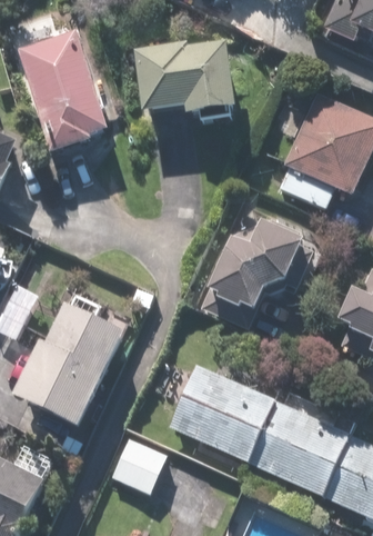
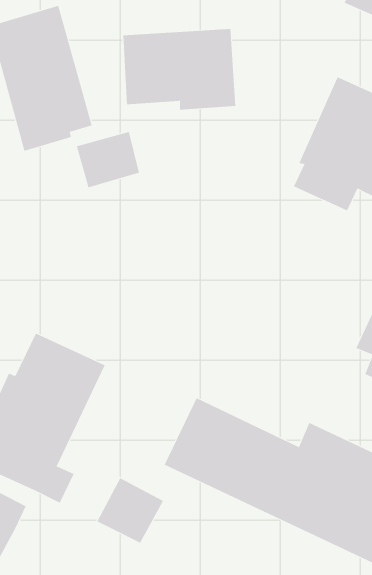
building: none -> [76,131,140,188]
building: [196,206,323,329] -> none

